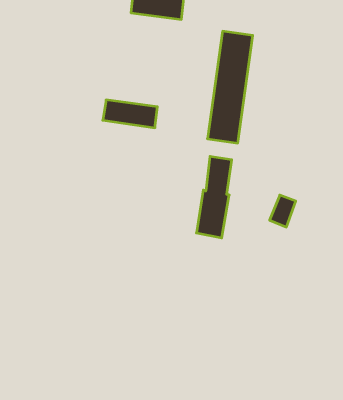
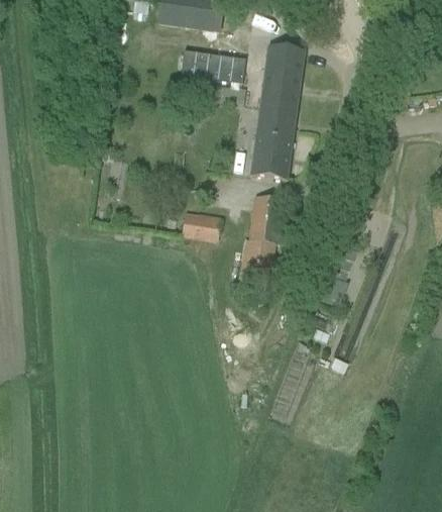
building: [103,100,157,128] -> [180,49,245,83]
building: none -> [183,213,219,239]

